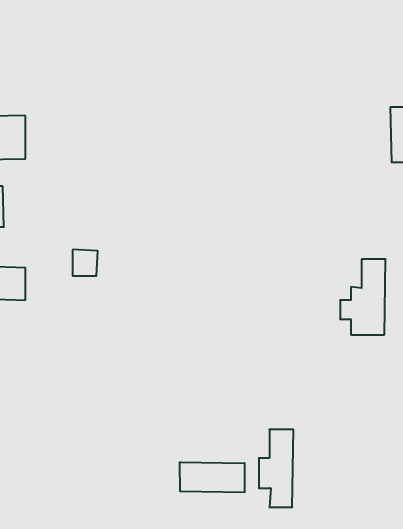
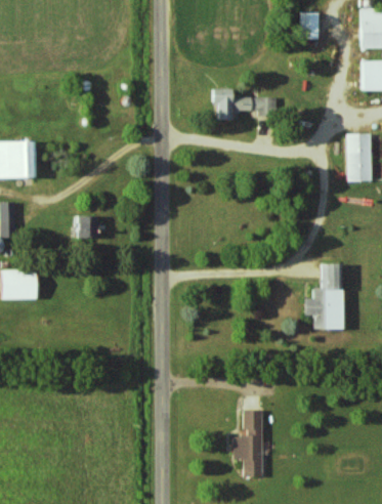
building: none -> [209,89,278,121]
building: [73,250,98,276] -> [77,215,98,238]
building: [180,462,245,492] -> none

